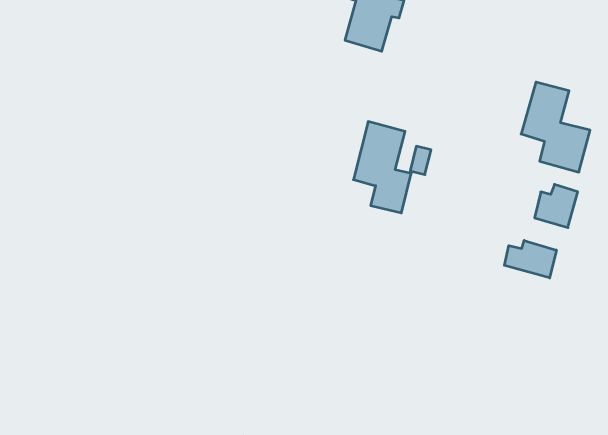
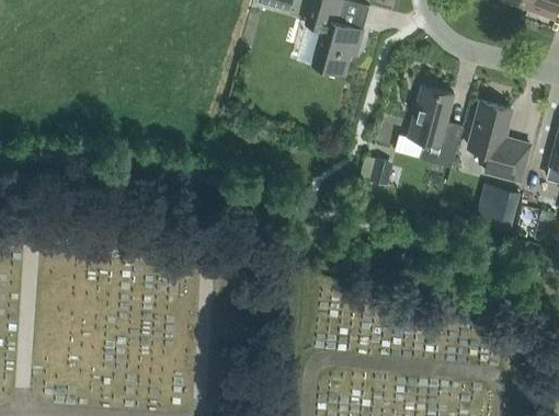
building: [353,122,411,213] -> [408,85,459,166]
building: [504,240,556,278] -> none

